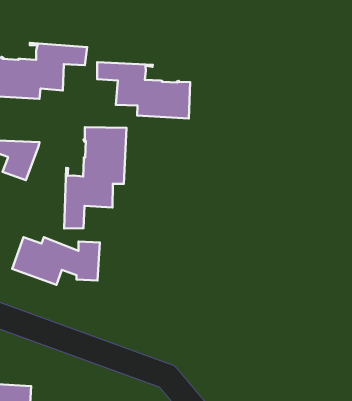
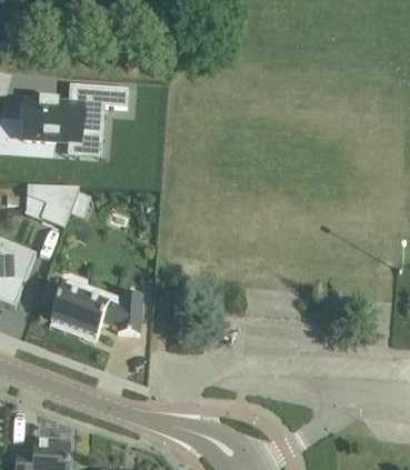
building: [97,62,190,118] -> none
building: [64,127,126,228] -> none

